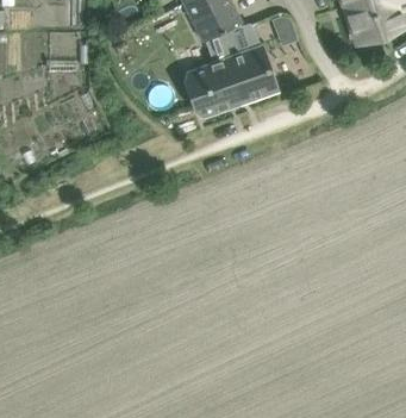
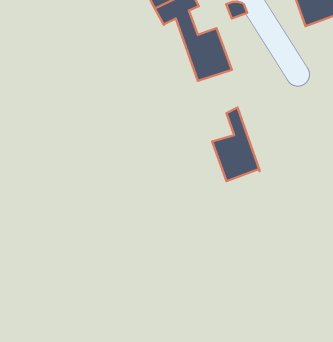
building: [189,36,241,116] -> [212,108,260,181]

